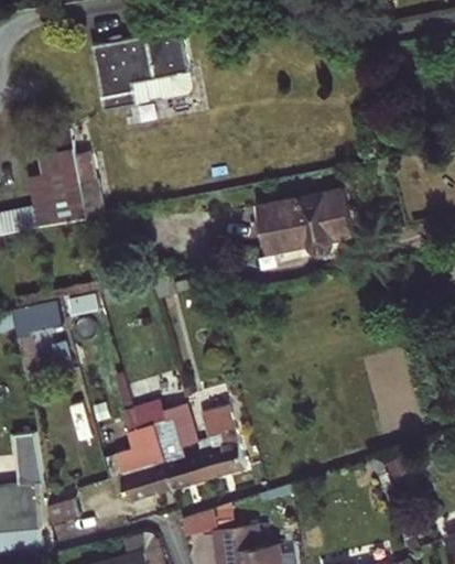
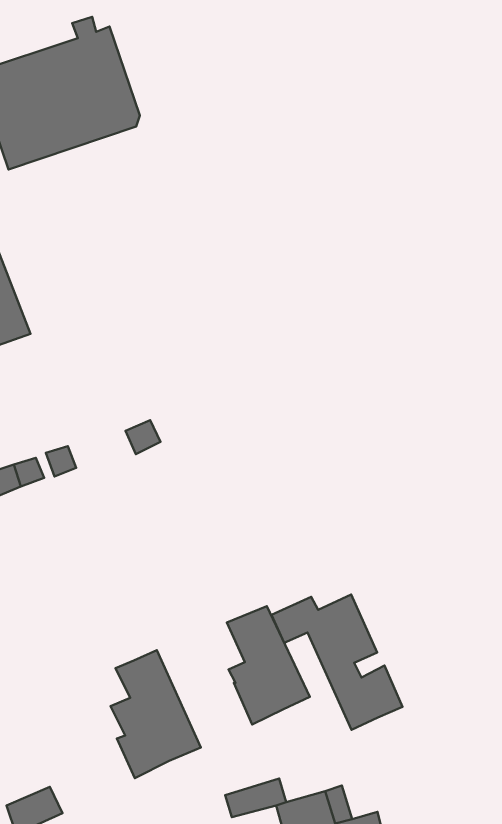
building: [257,189,353,252] -> none
building: [133,401,207,488] -> [271,594,403,730]

